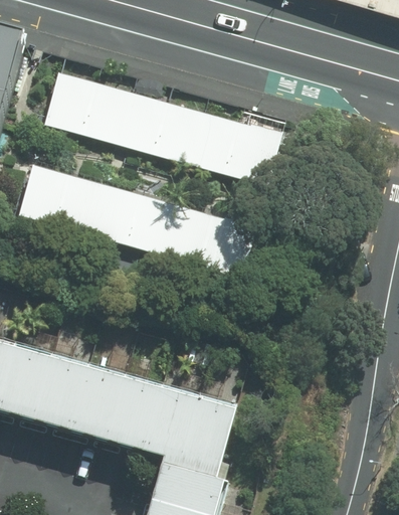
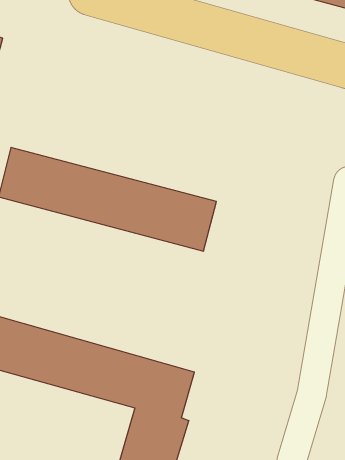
building: [39,70,279,184] -> none

